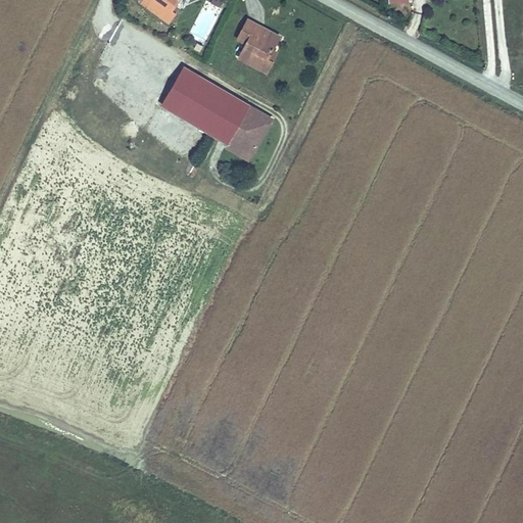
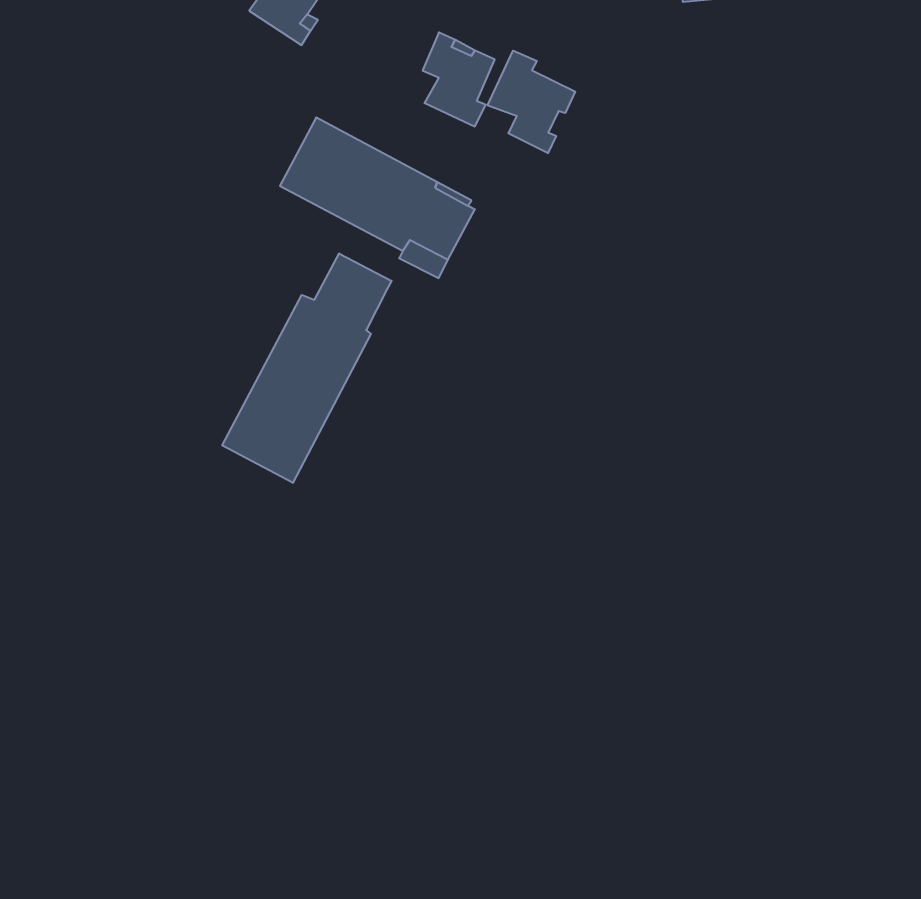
building: none -> [488,51,575,153]
building: none -> [222,253,392,483]

